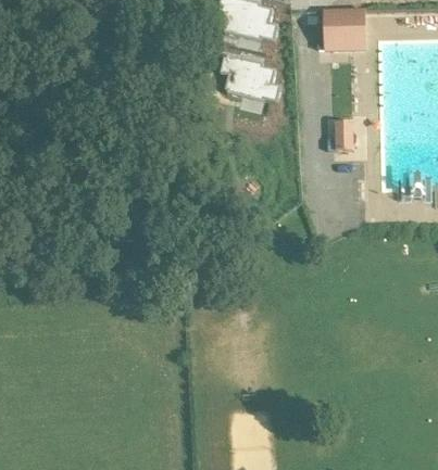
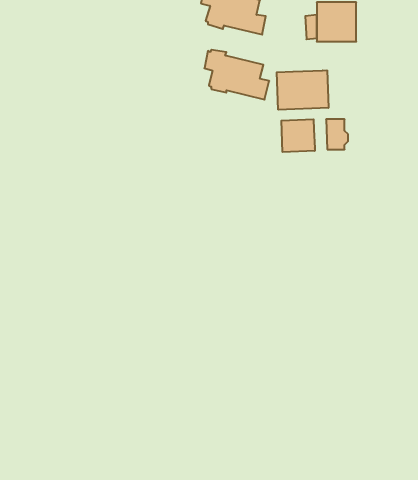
building: none -> [277,70,328,110]
building: none -> [281,119,315,152]

